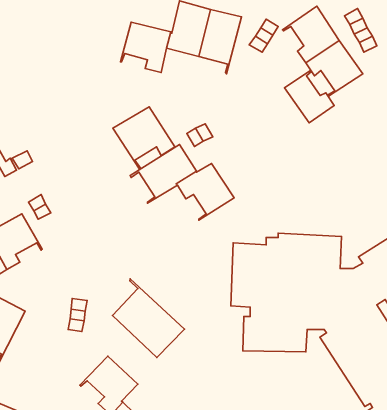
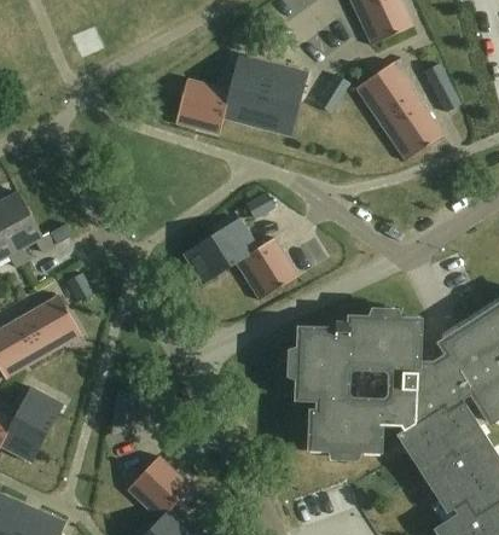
building: [285,70,334,123] -> none
building: [113,107,175,169] -> none
building: [113,279,184,358] -> none

